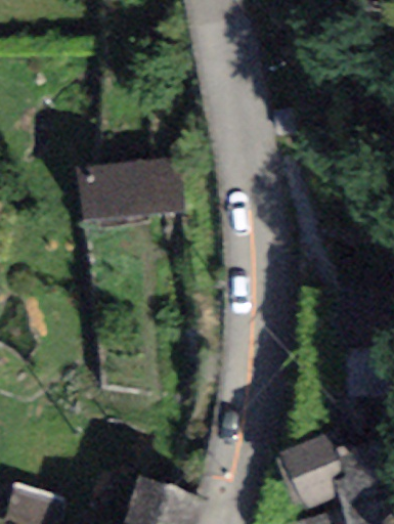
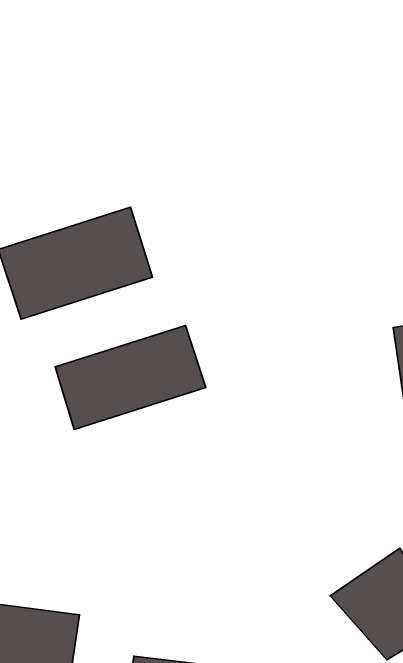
building: none -> [55,326,206,430]

